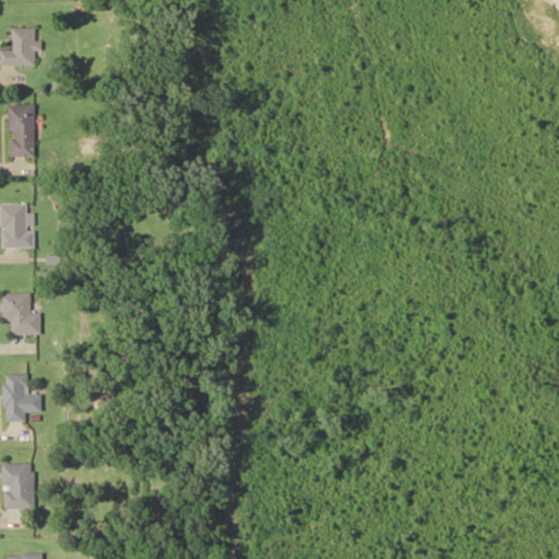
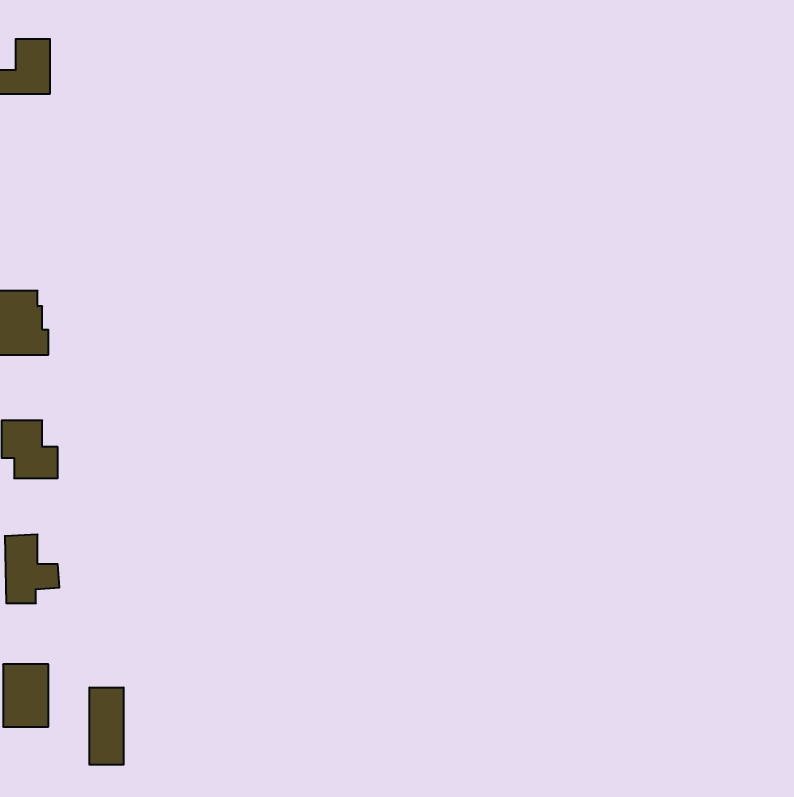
building: [8,104,34,155] -> none
building: none -> [89,687,124,765]

